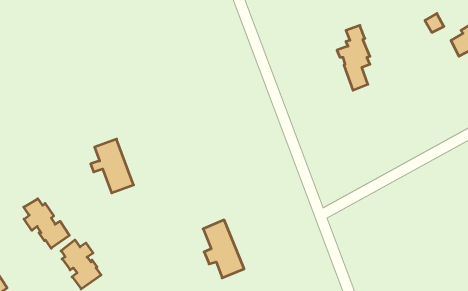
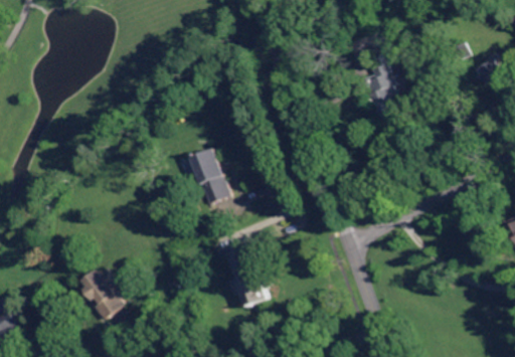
building: [91,139,134,193] -> [186,150,229,204]
building: [24,199,69,248] -> none

